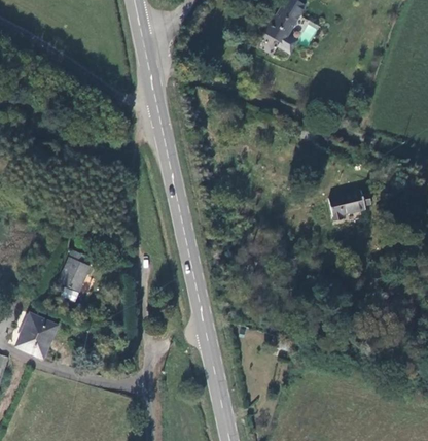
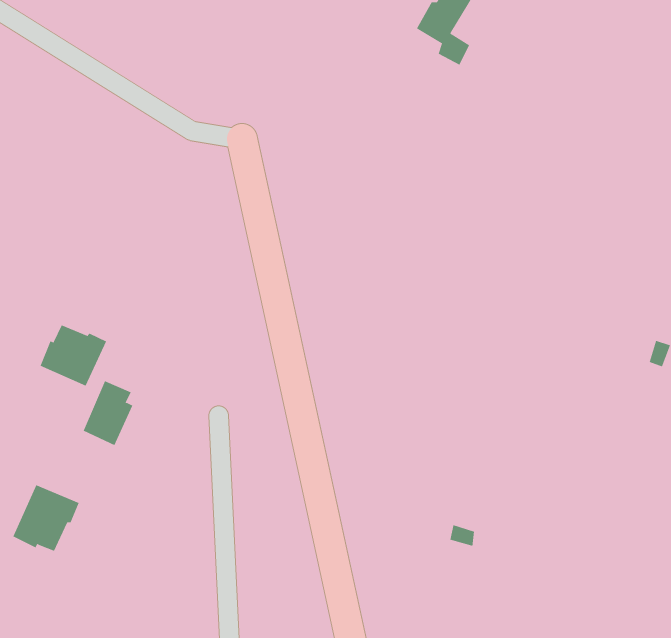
building: [329,189,372,220] -> none
building: none -> [40,325,107,386]

